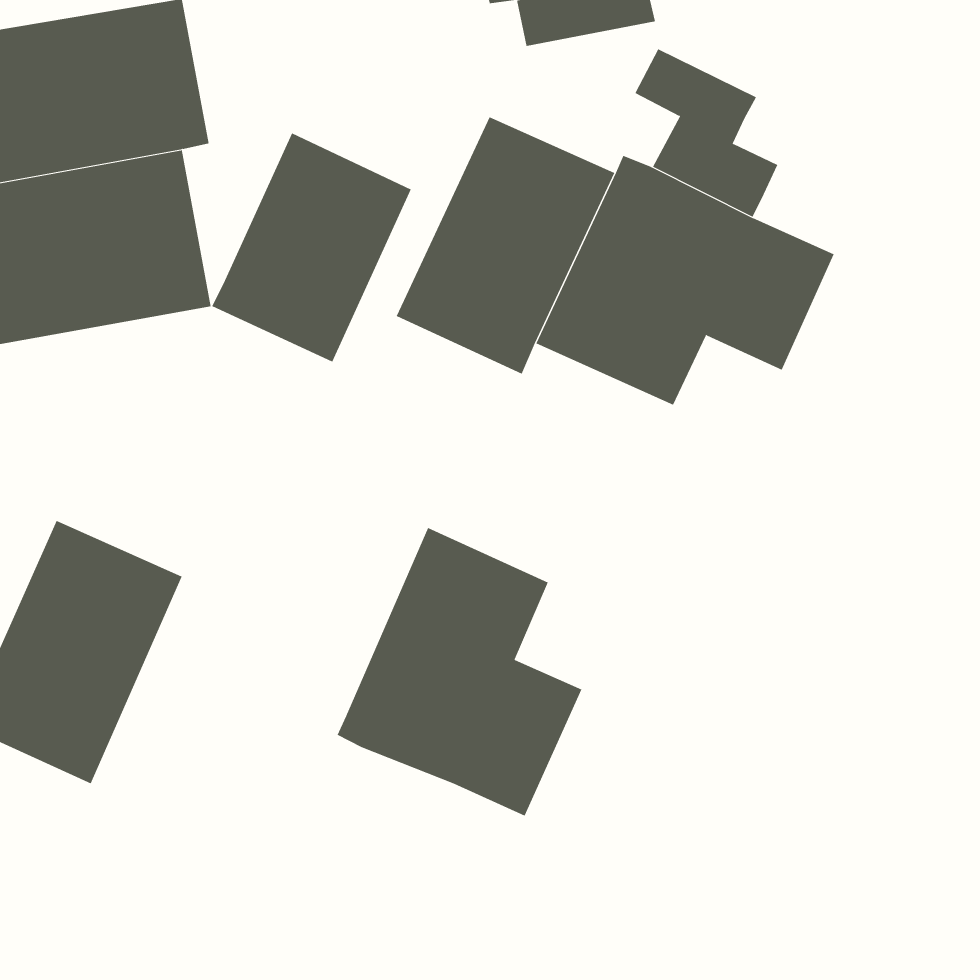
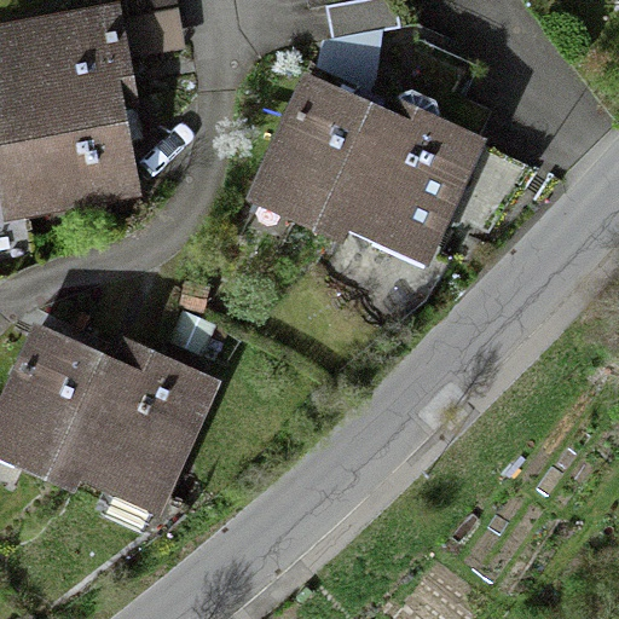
building: [212,132,411,362] -> none
building: [337,527,582,816] -> none
building: none -> [57,348,219,519]

